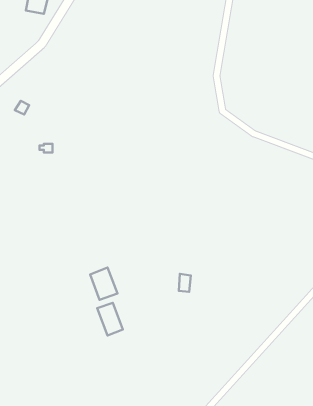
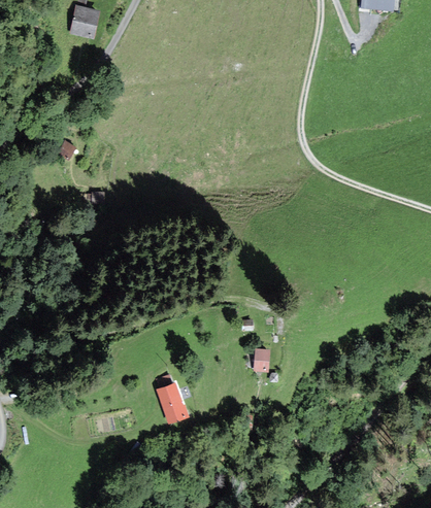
building: [90,267,117,300] -> none

